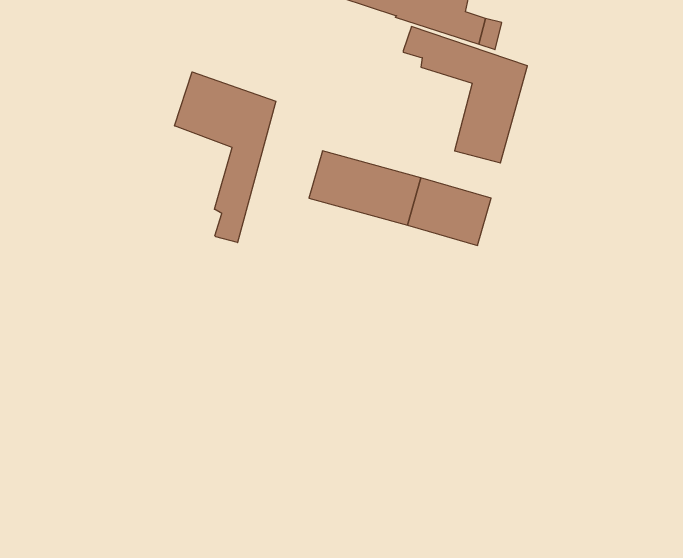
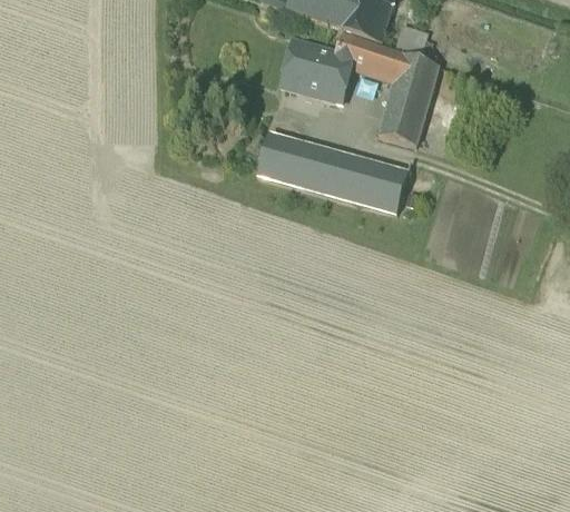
building: none -> [282,40,352,101]
building: [175,72,276,243] -> none

